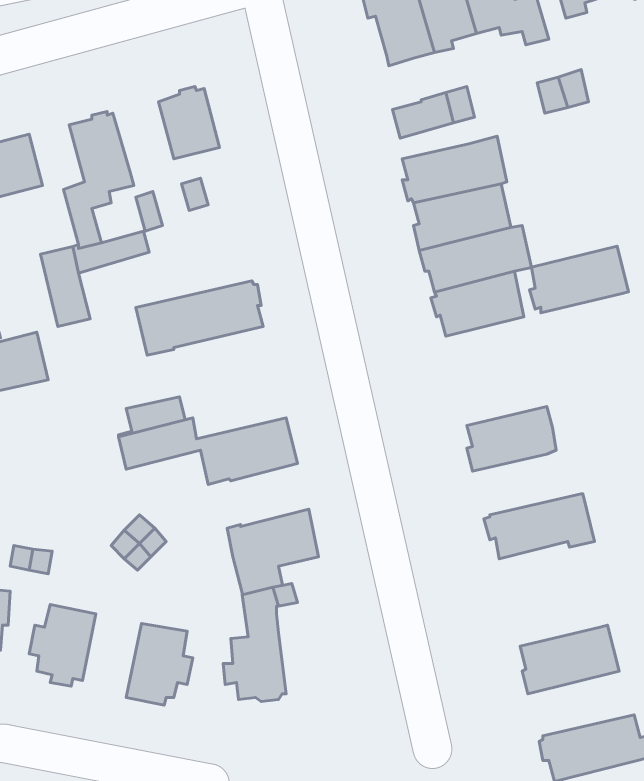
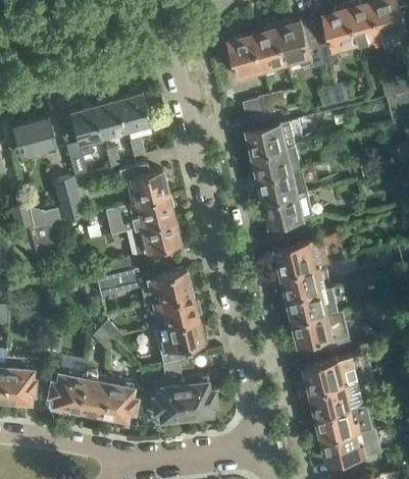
building: none -> [92,99,124,139]
building: none -> [117,164,168,205]
building: [530,246,629,313] -> [275,238,328,274]
building: none -> [124,221,178,257]
building: none -> [285,286,343,322]
building: none -> [147,295,199,329]
building: none -> [305,358,357,392]
building: none -> [75,375,107,420]
building: none -> [181,382,214,420]
building: none -> [314,406,372,440]

